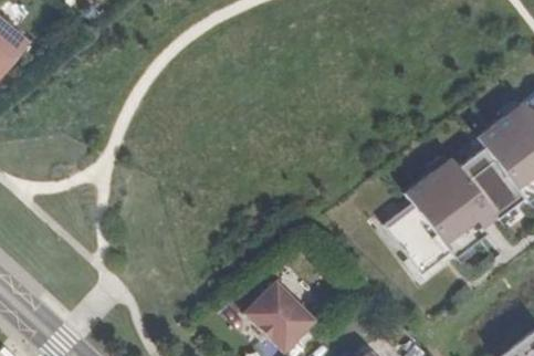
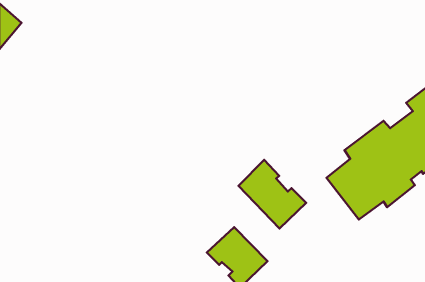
building: none -> [238,160,306,229]

